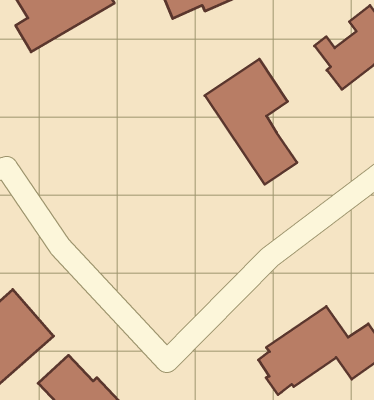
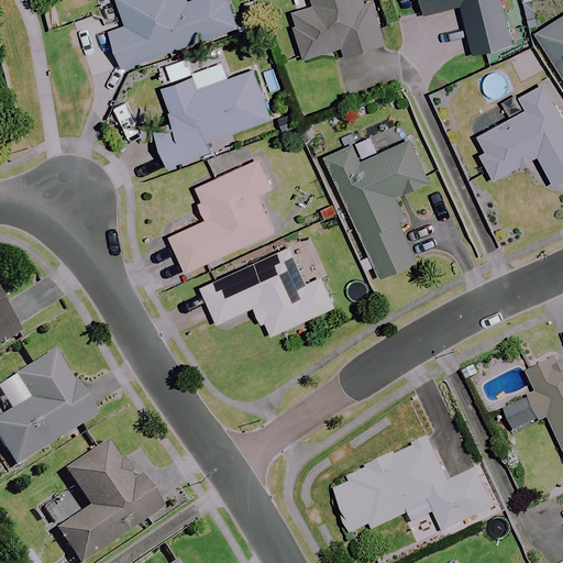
building: none -> [154,69,271,166]
building: none -> [169,159,273,272]
building: none -> [200,247,333,336]

